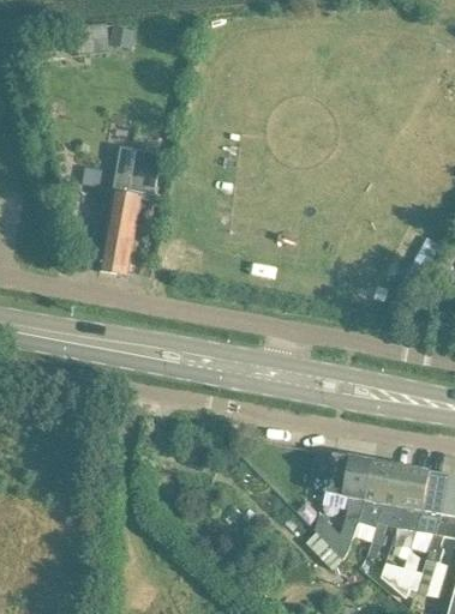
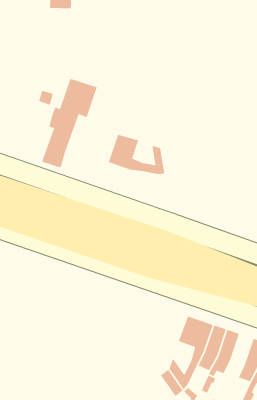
building: none -> [108,134,165,175]
building: [396,468,430,530] -> none

